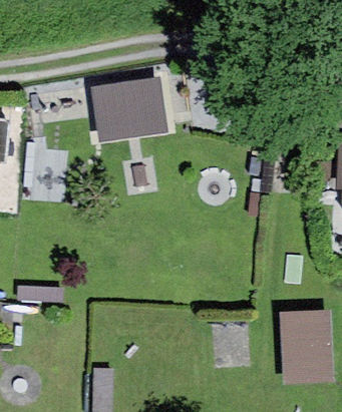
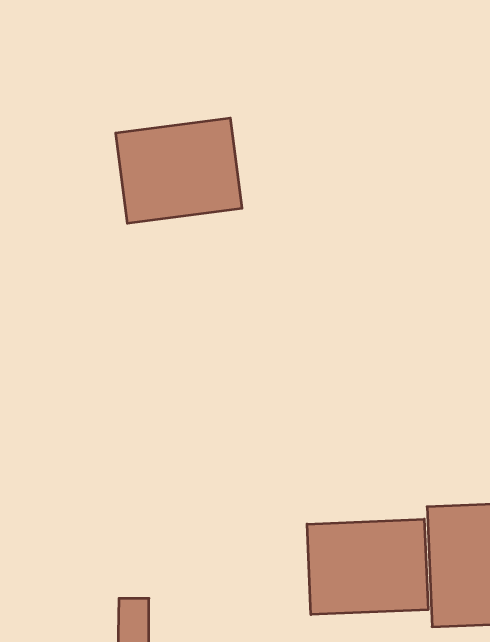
building: none -> [307,519,428,615]

